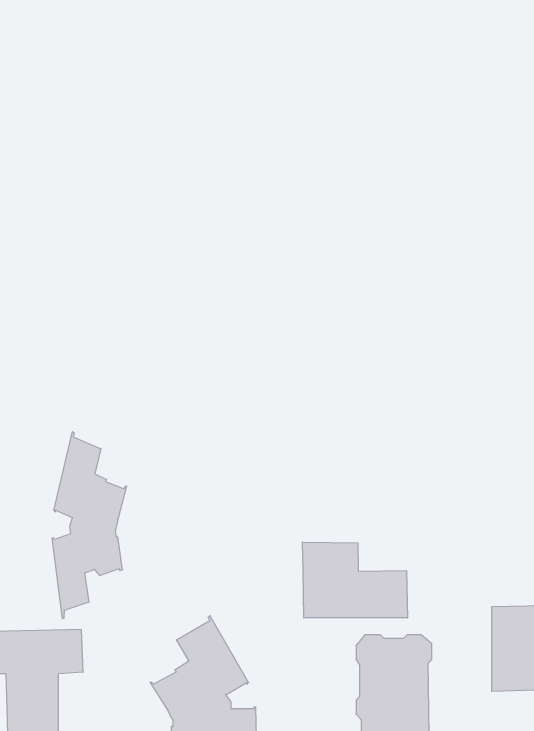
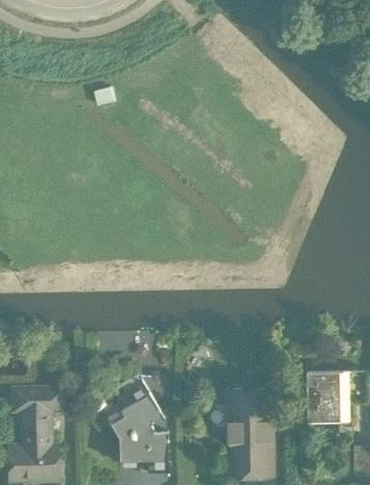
building: [52,432,127,619] -> none
building: [303,542,407,618] -> none

